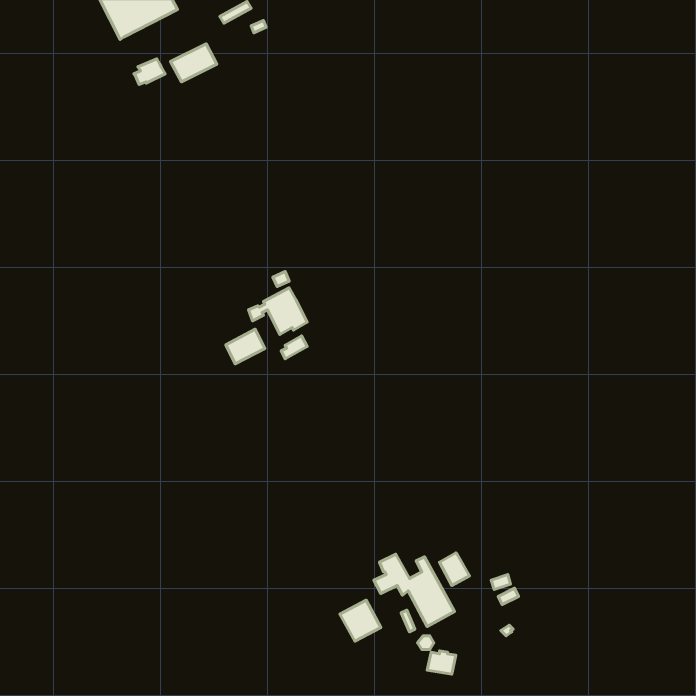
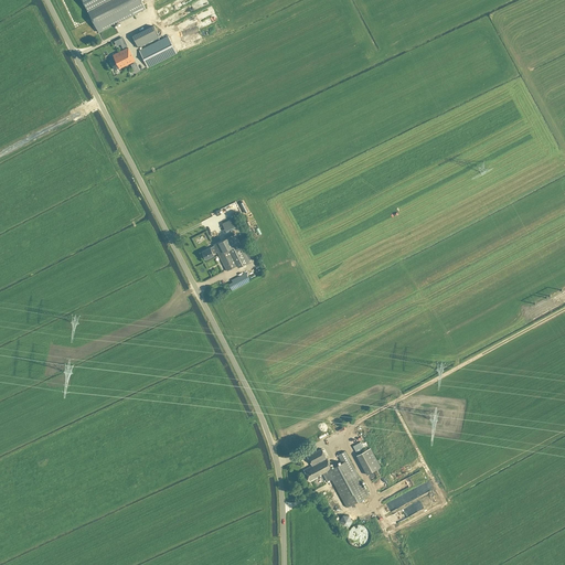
building: [226,329,265,364] -> none
building: [340,600,381,641] -> none

